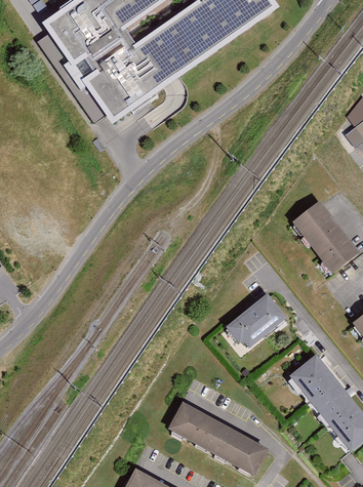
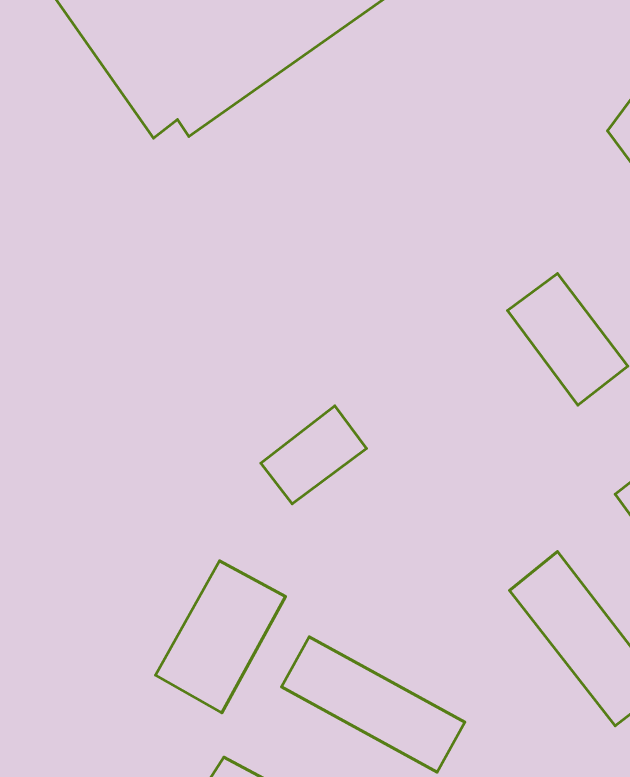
building: [229,292,287,347] -> [261,406,366,504]
building: none -> [155,561,285,713]

